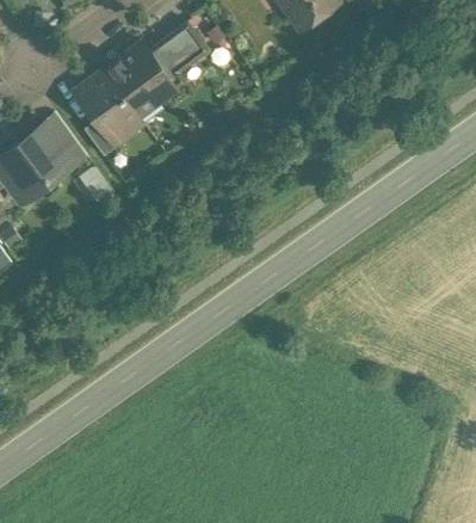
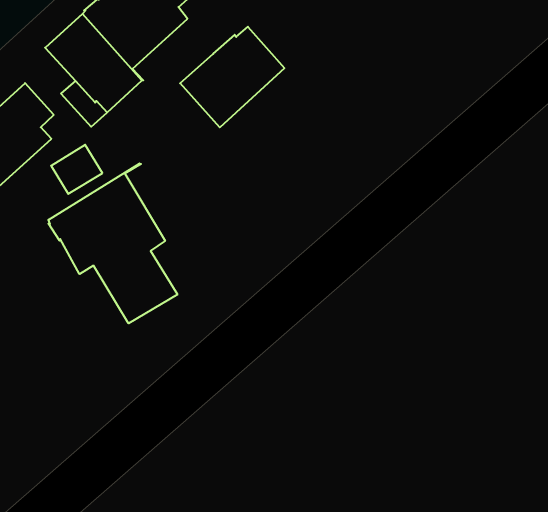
building: none -> [180,27,284,127]
building: none -> [48,163,177,323]

